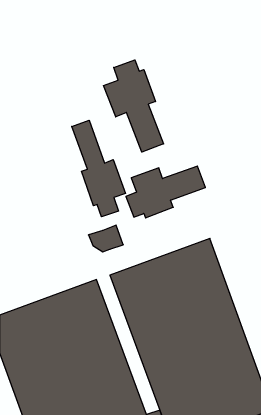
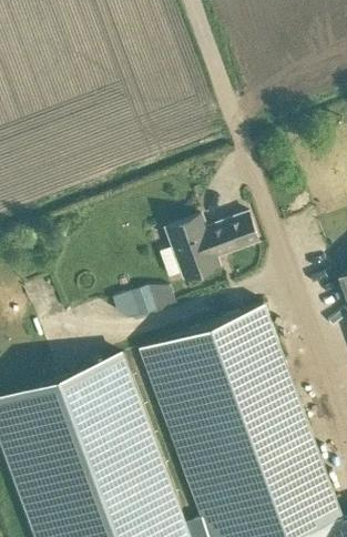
building: [103,60,164,152] -> none
building: [72,120,125,217] -> none

